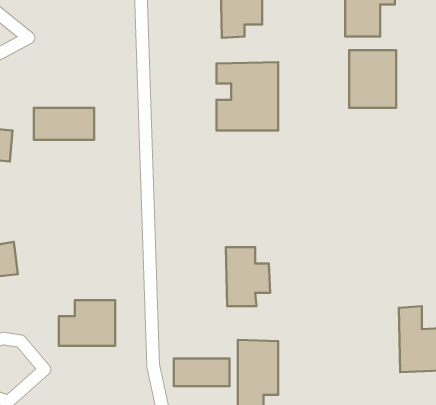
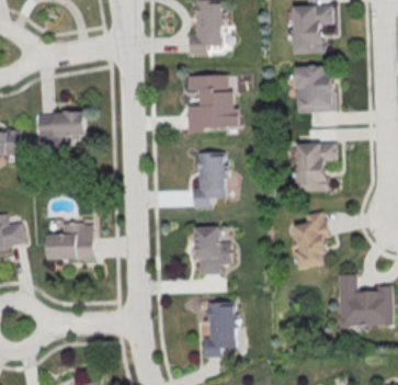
building: none -> [298,141,337,190]
building: none -> [195,150,228,206]
building: none -> [293,211,331,269]
building: [59,300,115,346] -> [47,222,93,259]
building: [174,359,230,386] -> none

